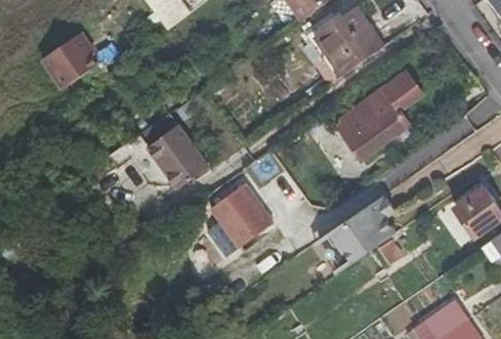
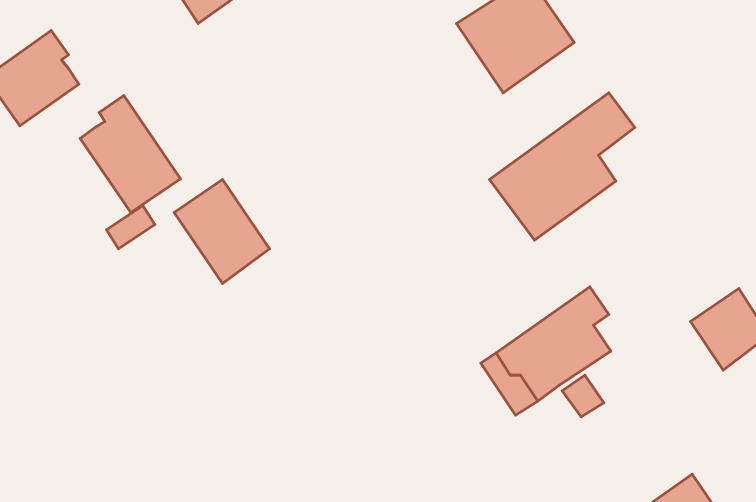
building: none -> [80,96,181,212]
building: [209,182,270,246] -> none

